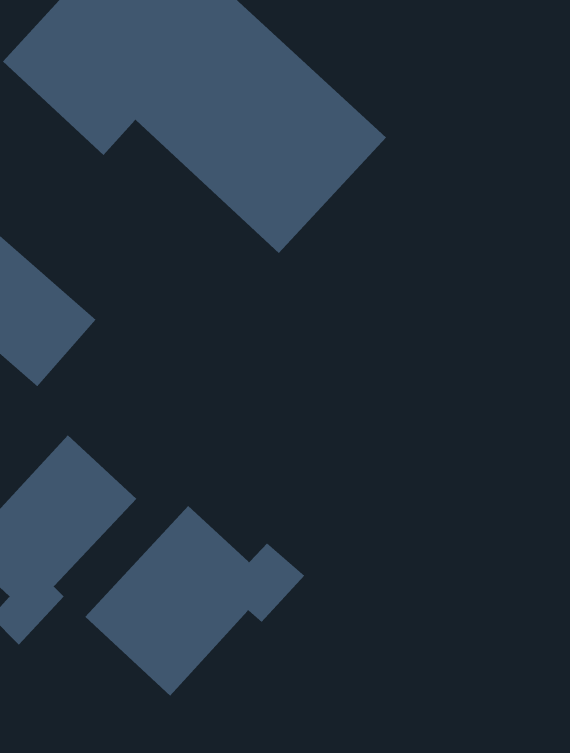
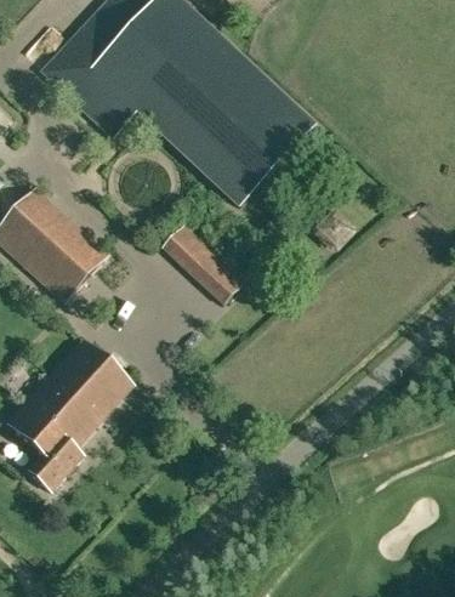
building: none -> [166,223,254,300]
building: [84,505,305,697] -> none

